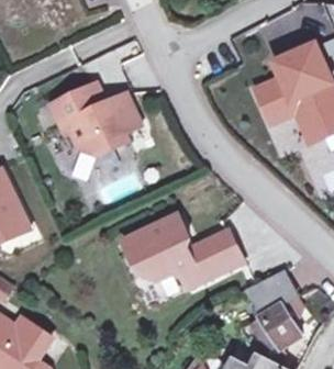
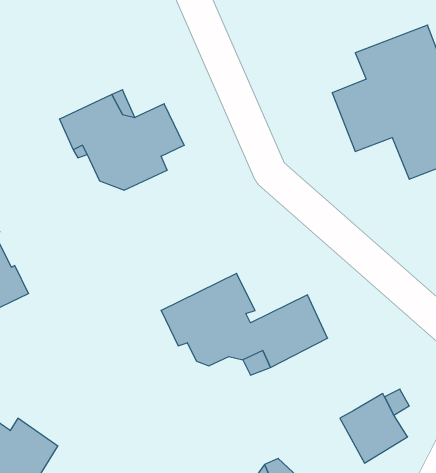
building: [247,270,298,313] -> none

